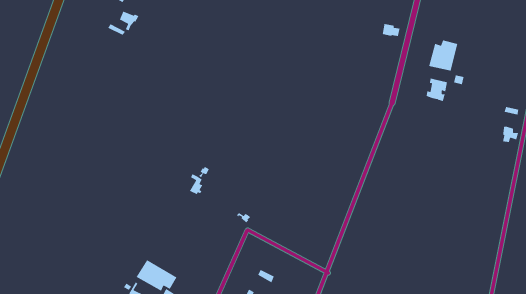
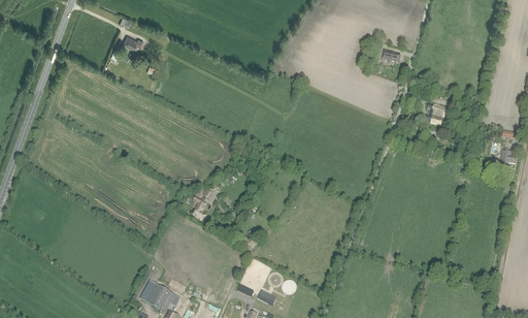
building: [428,40,458,71] -> none

